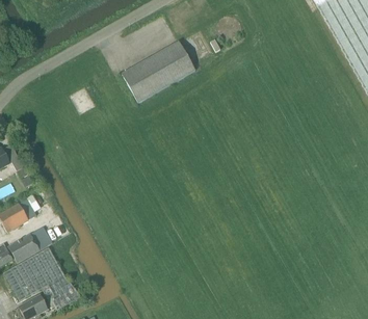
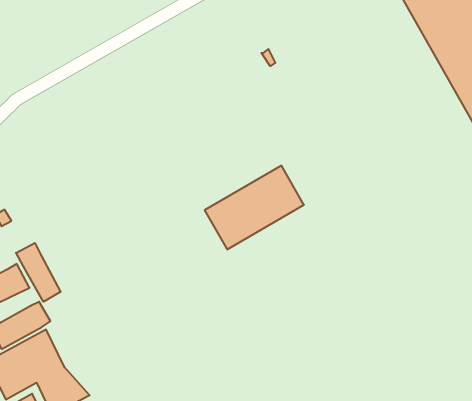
building: [122,41,195,103] -> [205,166,304,249]
building: none -> [16,243,61,302]

